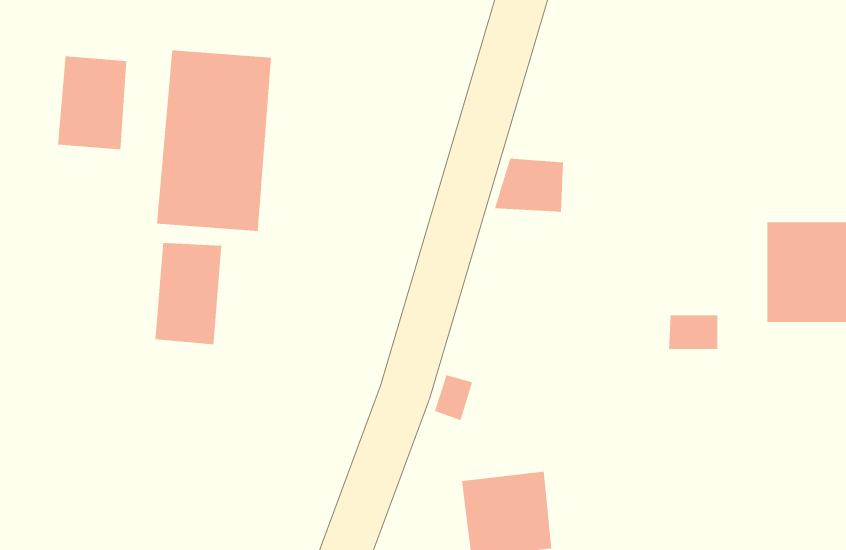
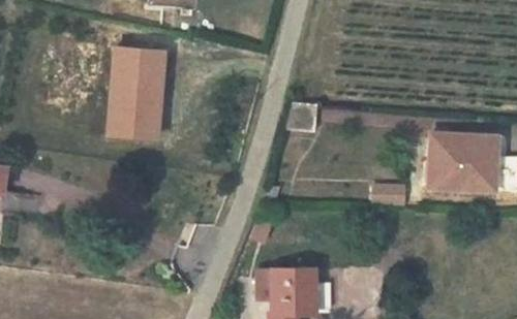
building: [58,56,127,150] -> none
building: [155,242,222,345] -> none

